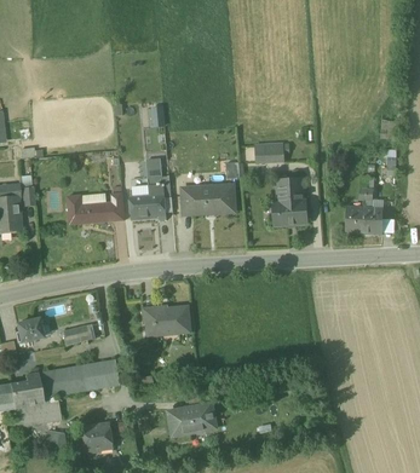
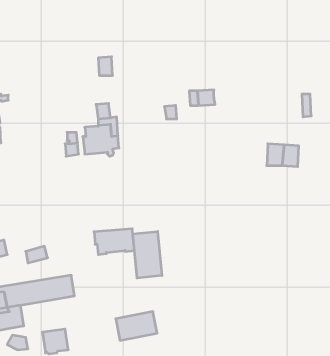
building: [272,177,307,225] -> none
building: [182,184,235,213] -> none
building: [67,194,108,224] -> none
building: none -> [133,231,162,278]

